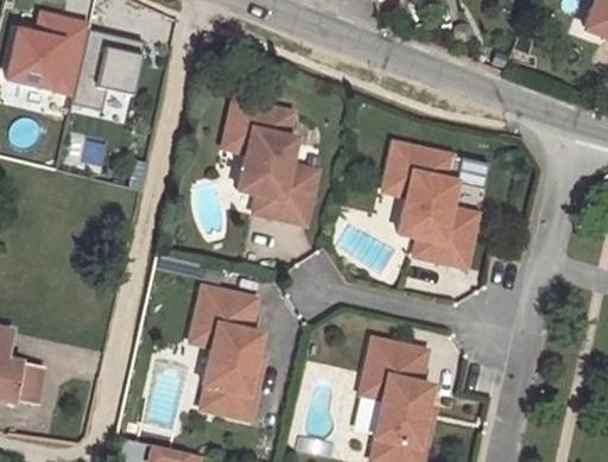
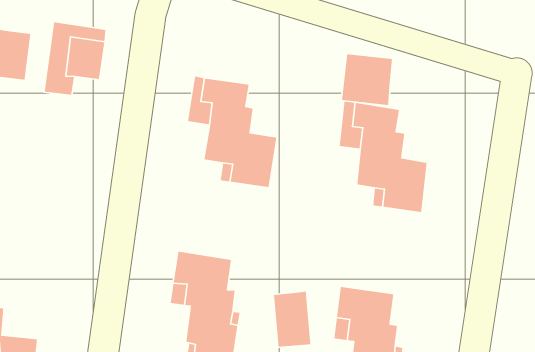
building: [37,14,87,93] -> none
building: none -> [341,54,393,106]
building: none -> [273,291,311,348]

